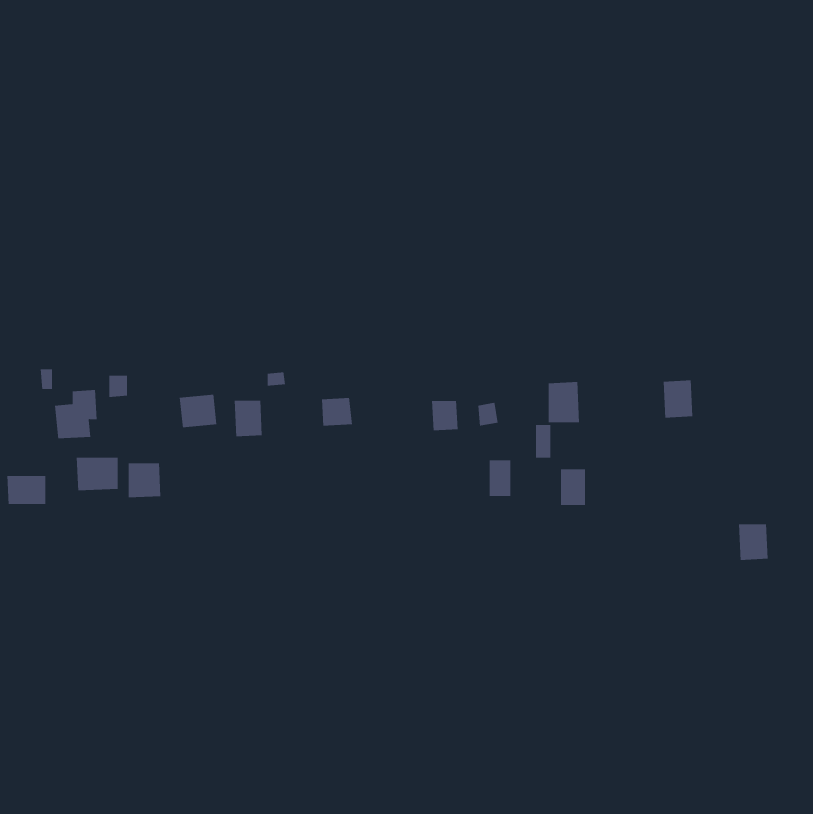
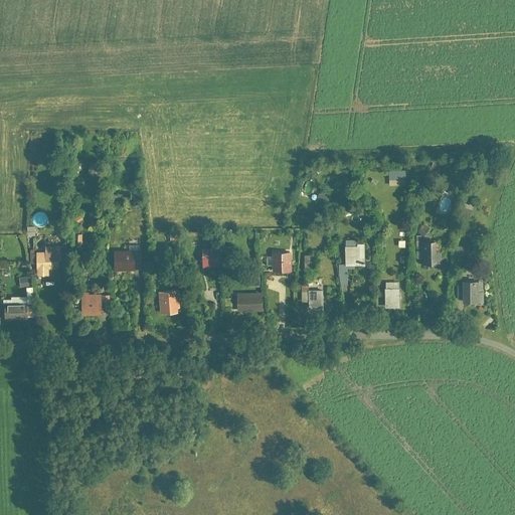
building: [234,400,263,437] -> [161,292,179,315]
building: [76,457,118,491] -> none
building: none -> [236,294,262,315]
building: [560,469,586,505] -> [383,284,399,307]
building: [738,524,768,561] -> [464,283,483,306]

